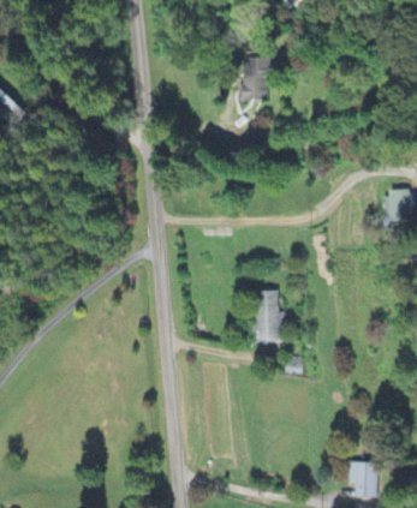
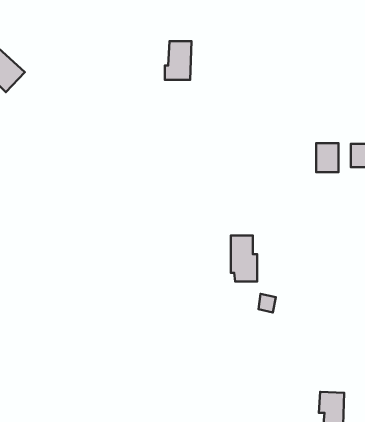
building: [239,58,268,100] -> [165,41,191,80]
building: none -> [316,143,338,172]

